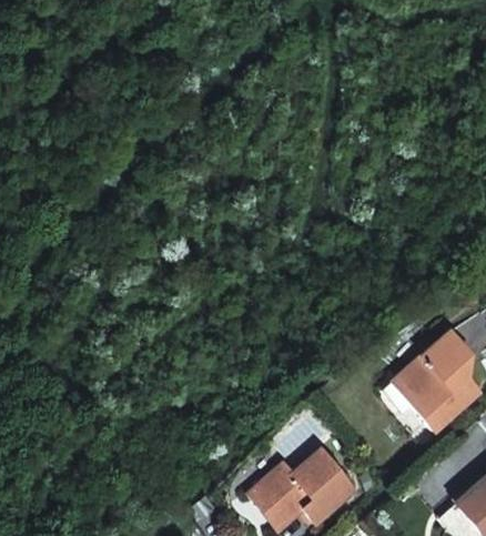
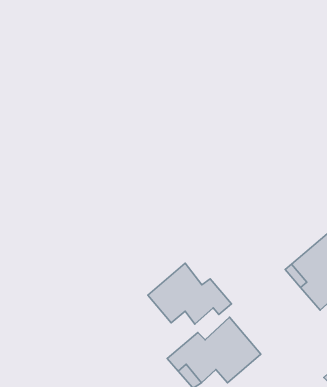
building: none -> [148,263,232,324]

